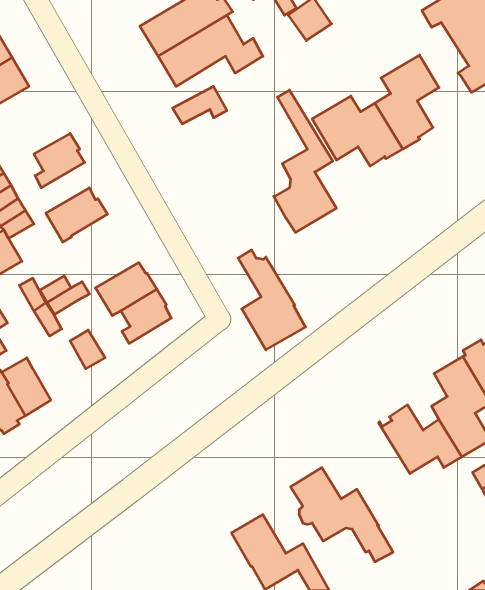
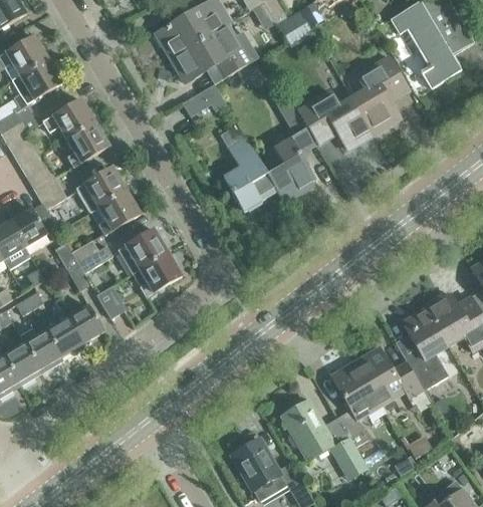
building: none -> [45,98,96,139]
building: none -> [97,189,140,235]
building: [238,250,306,350] -> [220,128,276,211]
building: none -> [59,301,103,343]
building: none -> [329,362,380,448]

